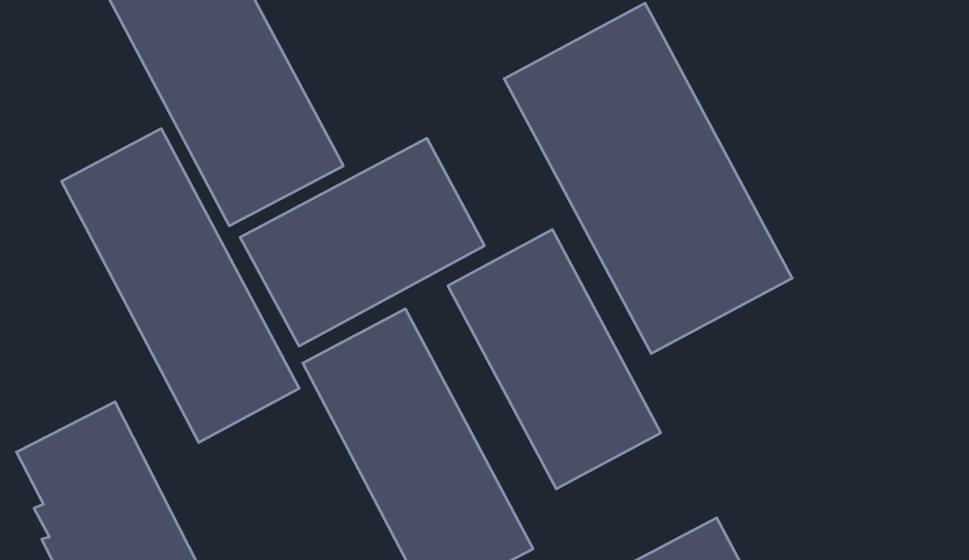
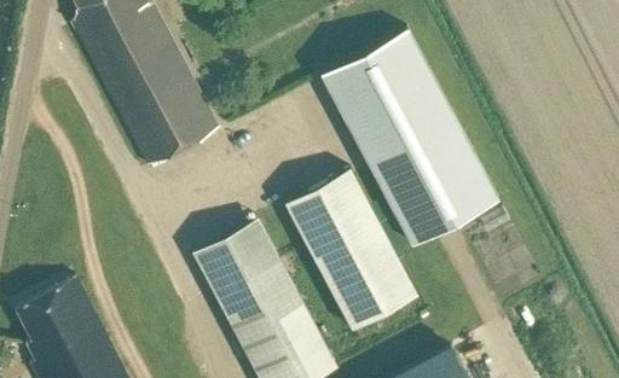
building: [62,129,299,443] -> none
building: [240,138,484,346] -> none

